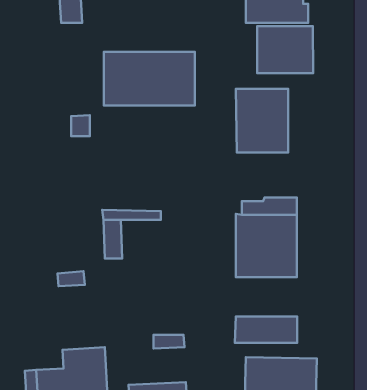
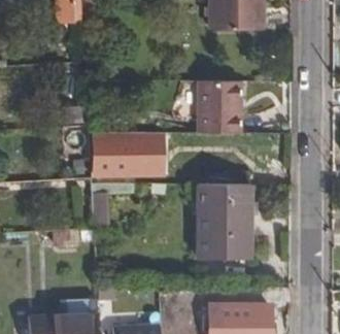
building: [257,26,313,73] -> none
building: [104,52,195,106] -> [94,134,169,178]
building: [235,316,297,343] -> [201,237,252,259]

